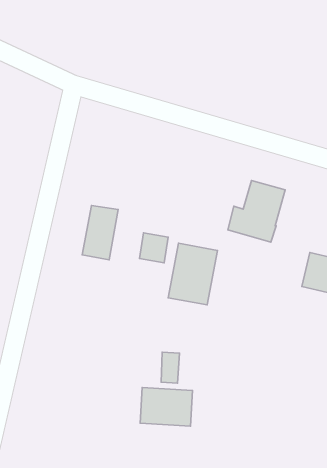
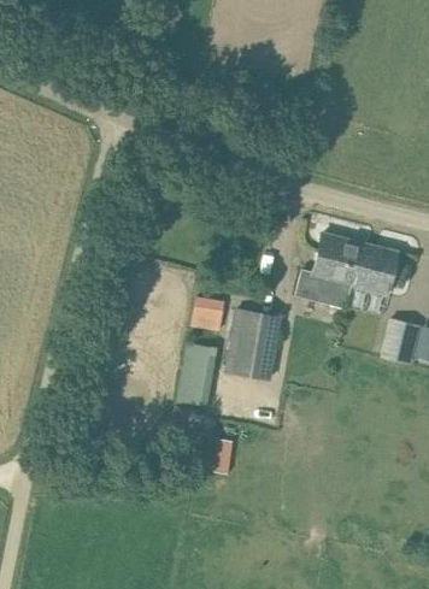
building: none -> [349,246,398,298]
building: [82,205,118,260] -> [176,343,218,407]
building: [140,388,193,426] -> none

